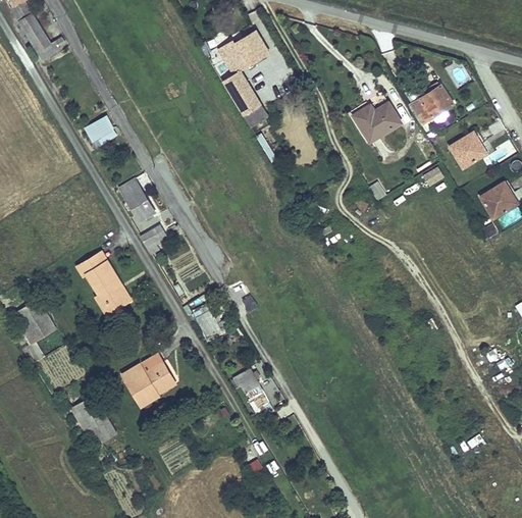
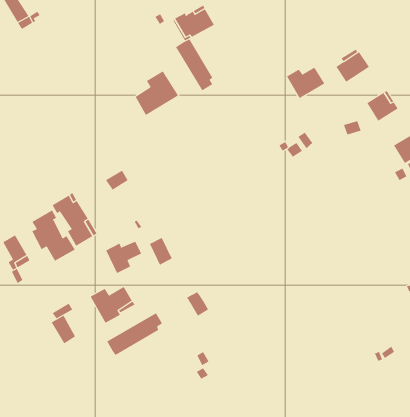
building: none -> [135,70,179,116]
building: [82,113,117,147] -> none
building: [118,178,154,220] -> none
building: none -> [31,210,75,261]
building: none -> [106,241,142,274]
building: none -> [107,312,163,356]

